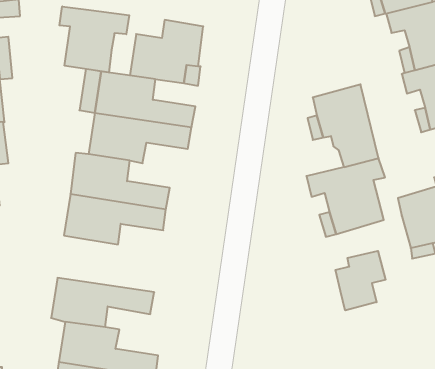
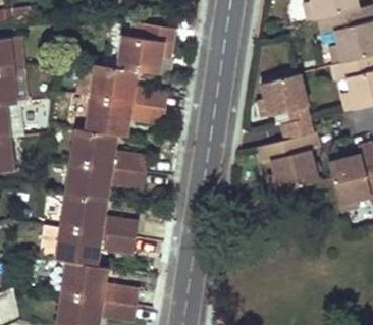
building: [59,6,129,73] -> none
building: none -> [59,193,138,237]
building: [335,251,386,310] -> none

